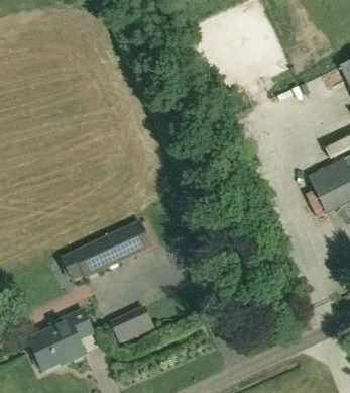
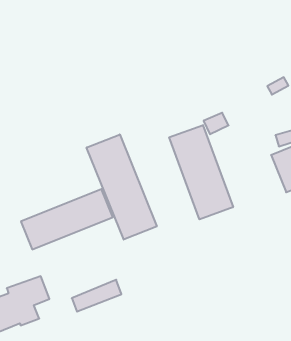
building: none -> [169,125,233,219]
building: none -> [87,134,157,240]

